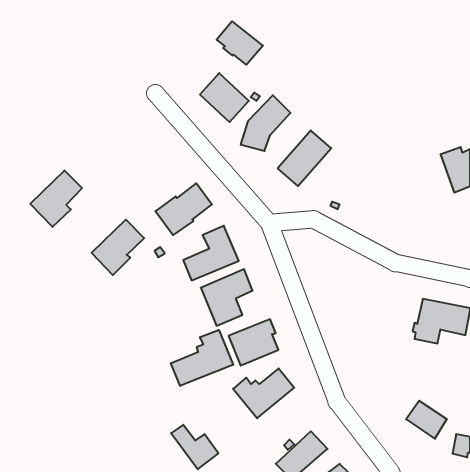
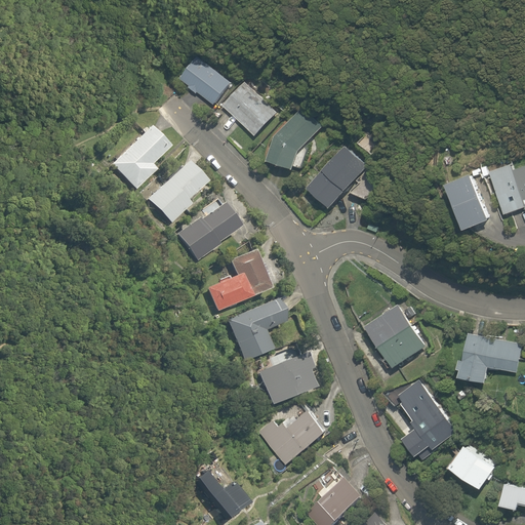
building: [217,21,263,65] -> [180,56,232,105]
building: none -> [446,174,489,229]
building: [30,170,82,227] -> [107,128,164,191]
building: [92,220,144,275] -> [143,163,201,225]
building: none -> [366,305,426,367]
building: [171,330,233,386] -> none
building: none -> [398,379,457,460]

